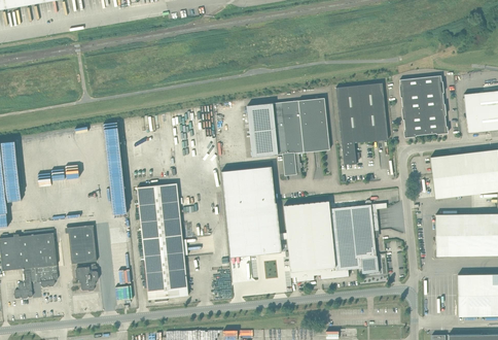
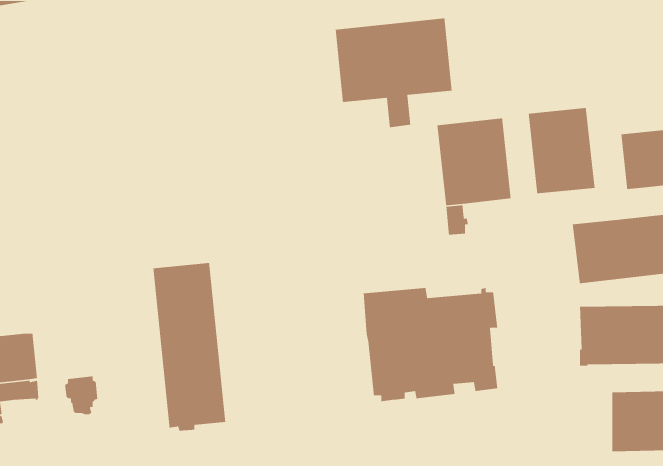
building: [247,98,329,175] -> [335,18,452,128]
building: [220,166,287,258] -> none
building: [68,225,97,264] -> none

